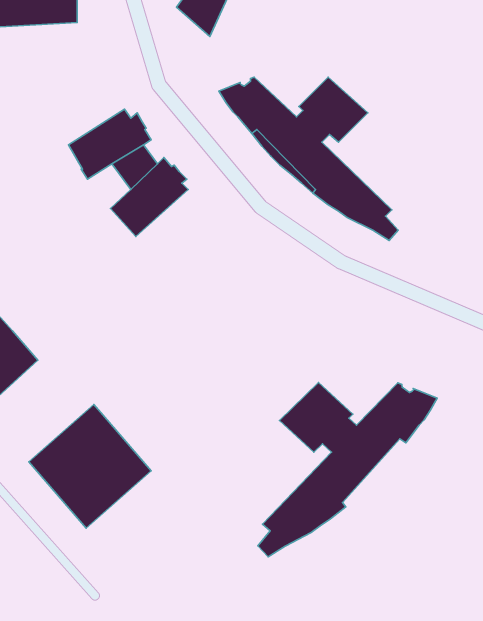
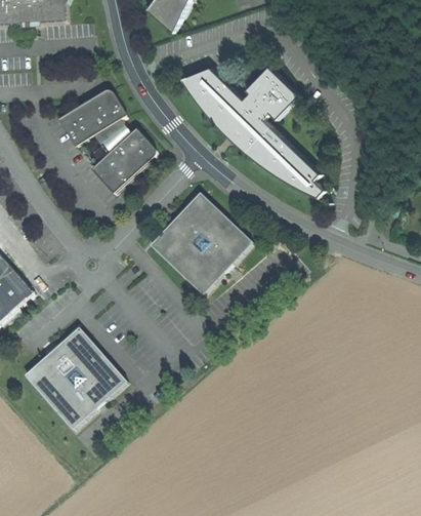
building: none -> [151,194,250,293]
building: [258,383,437,557] -> none

